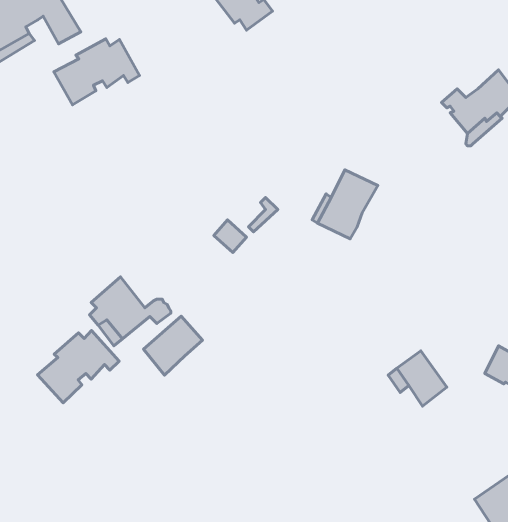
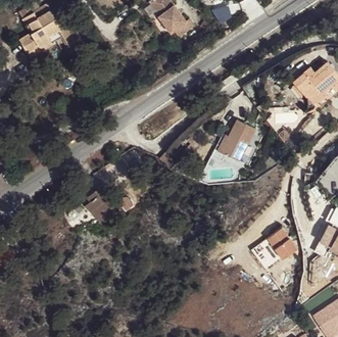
building: [54,39,139,105] -> none
building: [144,316,202,375] -> none
building: [37,331,119,403] -> none

